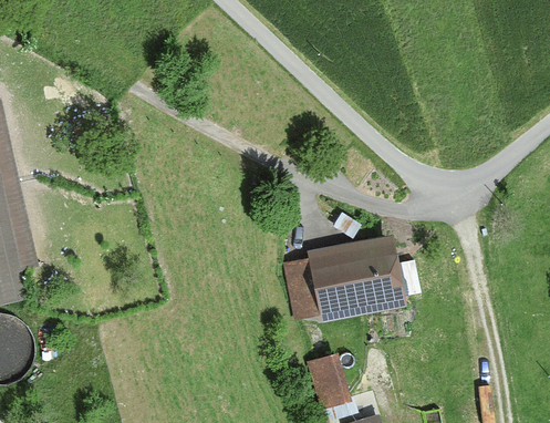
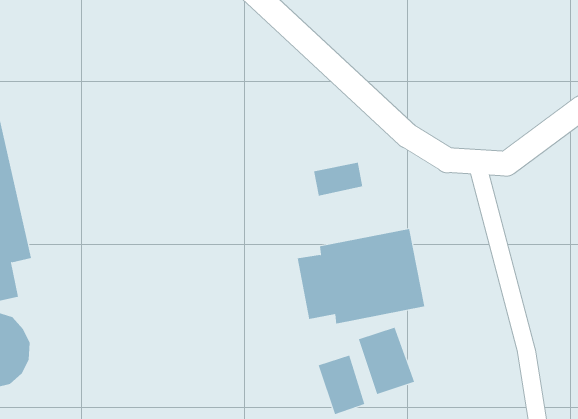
building: none -> [313,162,363,196]
building: none -> [358,327,415,395]

